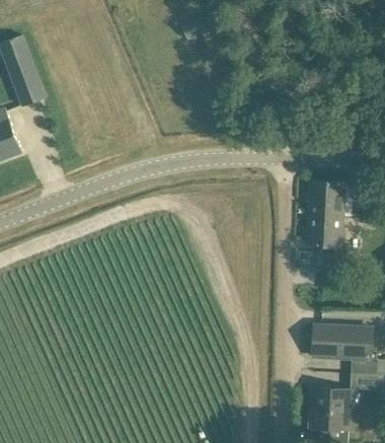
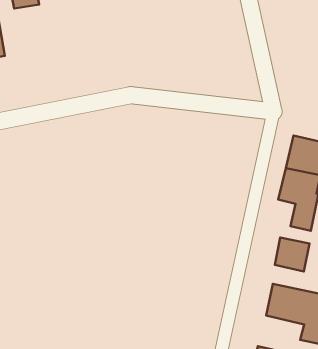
building: none -> [275,237,310,272]

